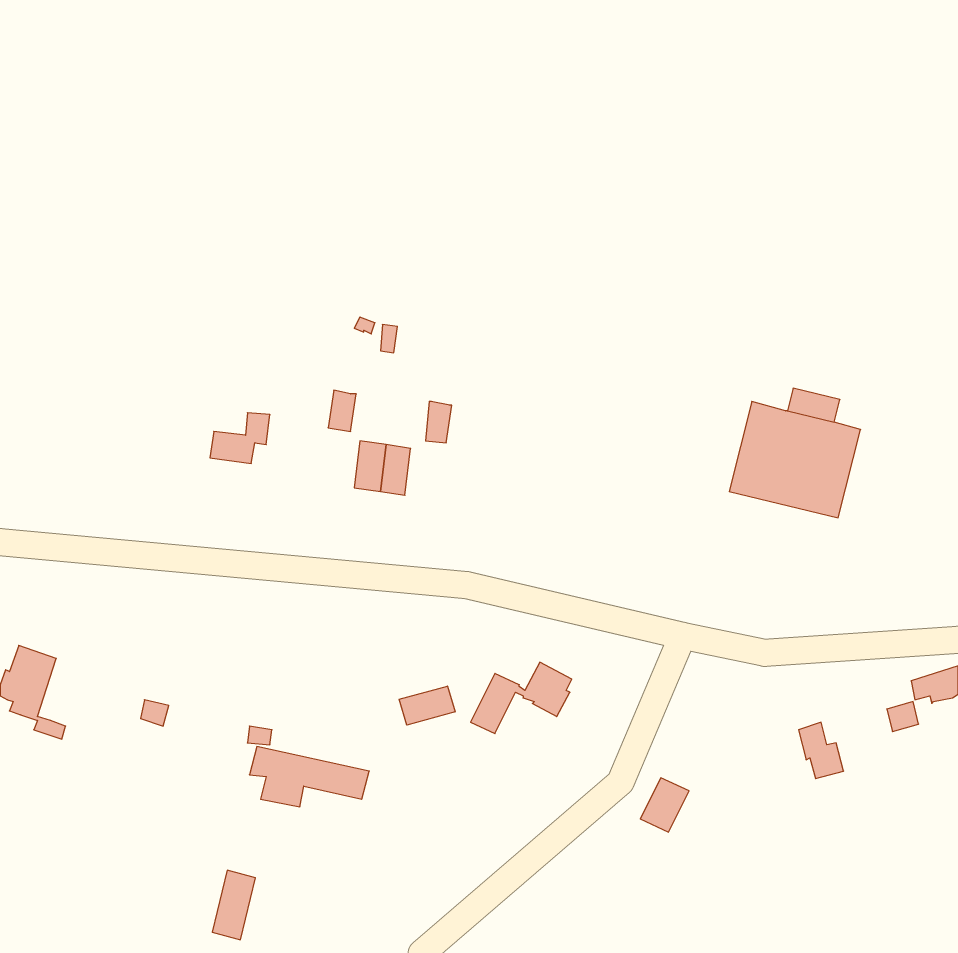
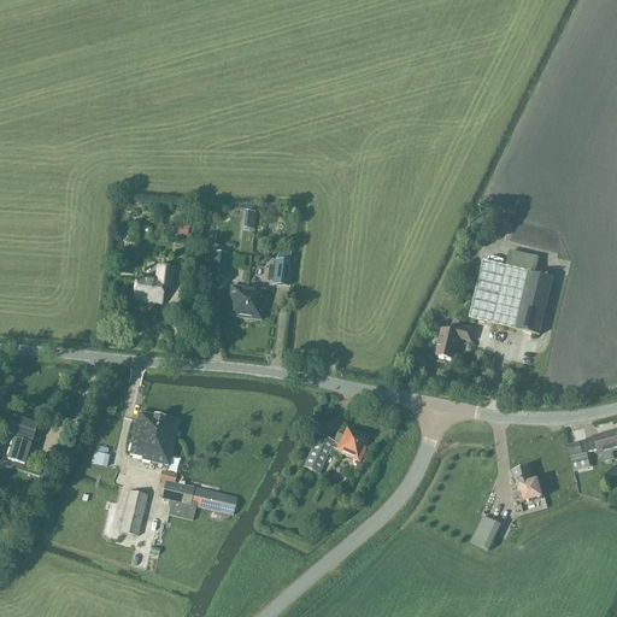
building: none -> [435,323,474,357]
building: none -> [129,410,180,464]
building: [399,686,455,725] -> none
building: [640,778,689,832] -> [469,515,500,550]
building: [212,870,255,940] -> [119,489,147,534]

